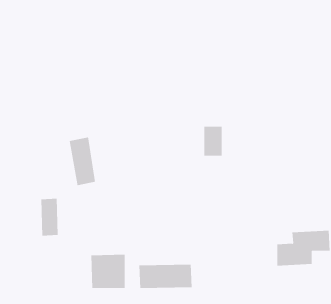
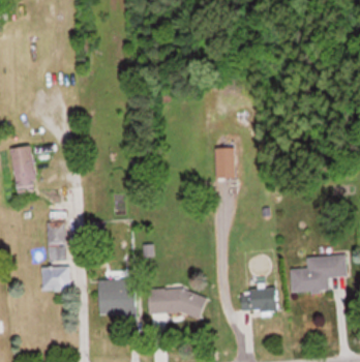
building: [69,137,96,186] -> [10,145,38,195]
building: none -> [41,266,69,290]
building: none -> [242,292,277,311]

